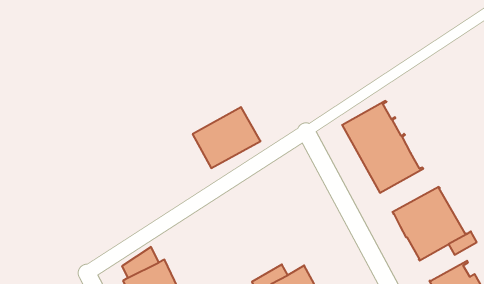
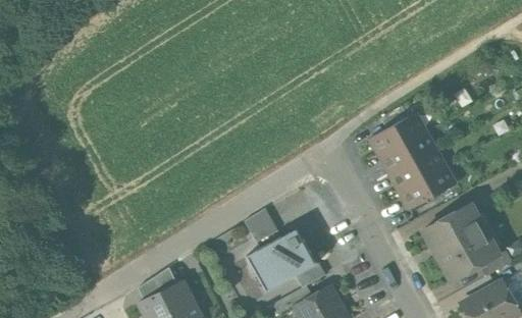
building: [193,107,261,168] -> [247,228,318,293]
building: none -> [245,209,278,243]

